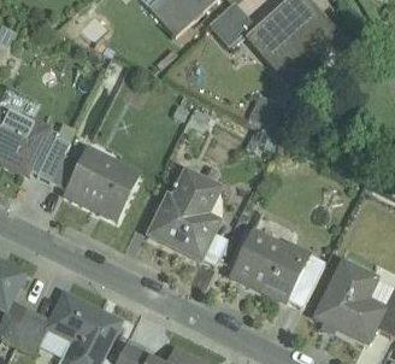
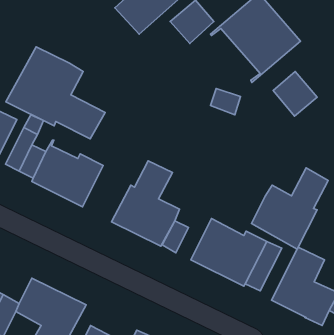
building: none -> [6,47,105,139]
building: none -> [273,71,317,116]
building: none -> [252,168,328,249]

